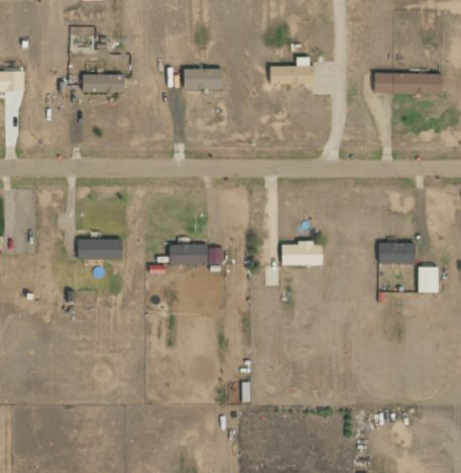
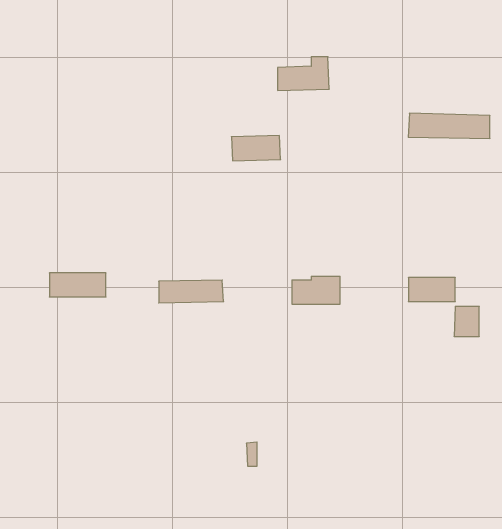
building: [182,68,223,89] -> [231,136,281,161]
building: [373,72,442,93] -> [408,113,490,138]
building: [82,74,126,92] -> none

